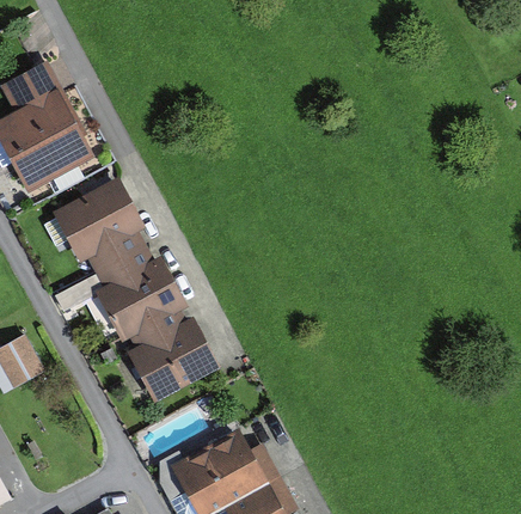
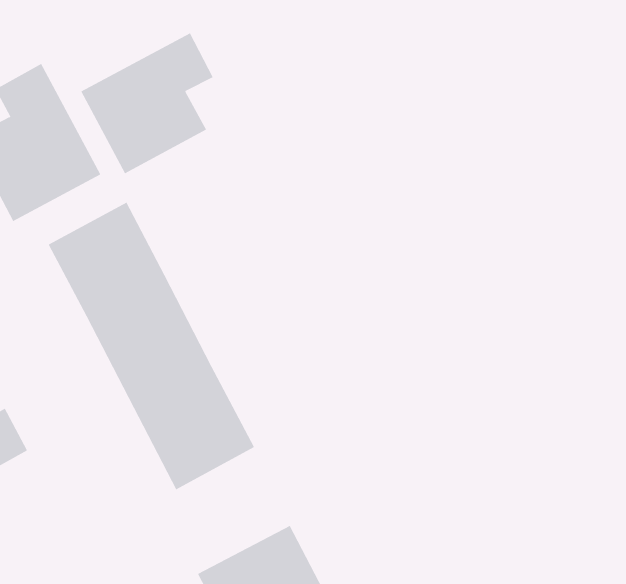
building: none -> [80,33,213,174]

